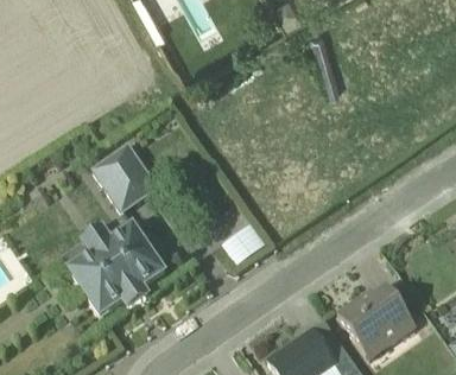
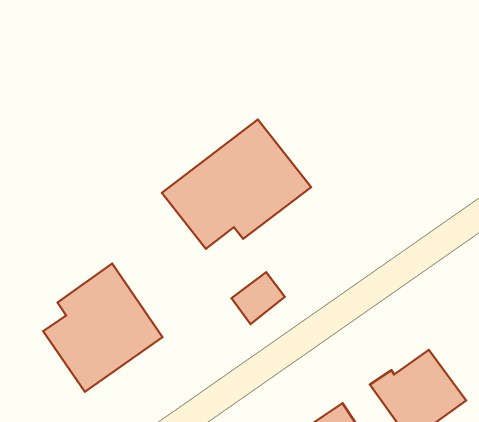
building: none -> [162,119,311,249]
building: [96,154,159,218] -> none

